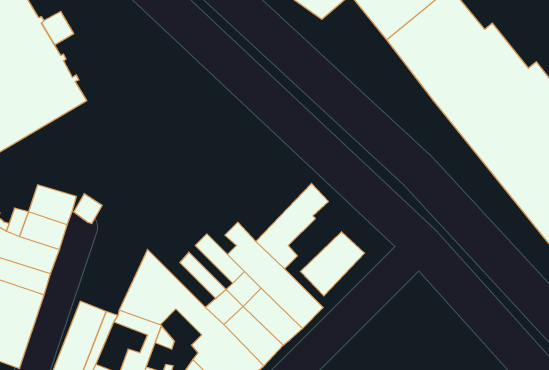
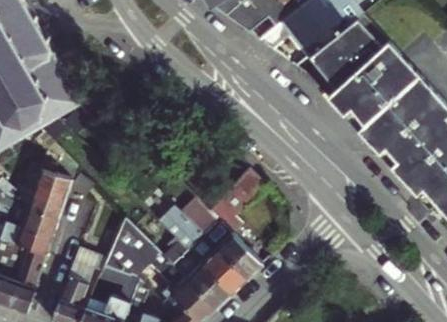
building: [300,232,365,296] -> none

